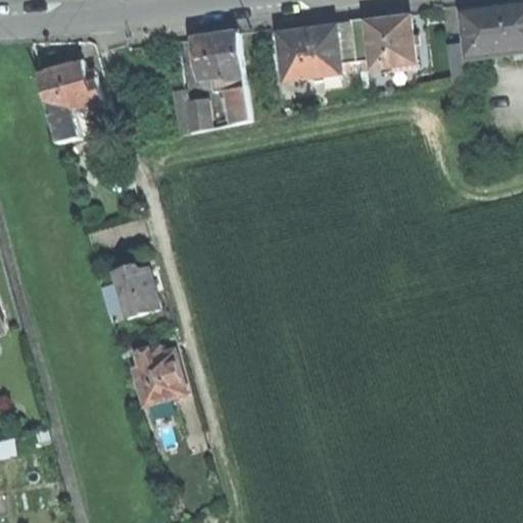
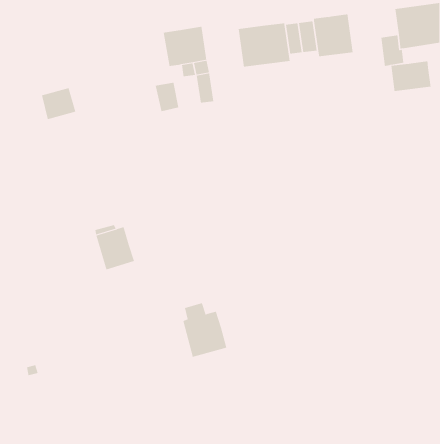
building: [37,58,98,111] -> none
building: none -> [391,61,431,92]
building: [131,343,183,408] -> [182,303,227,358]

